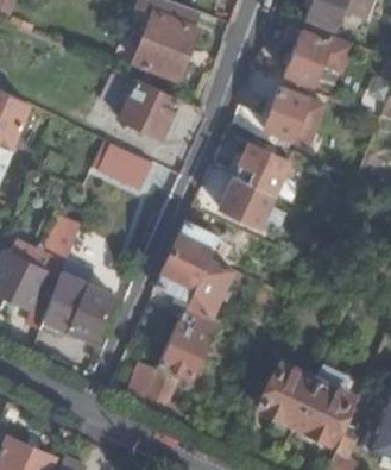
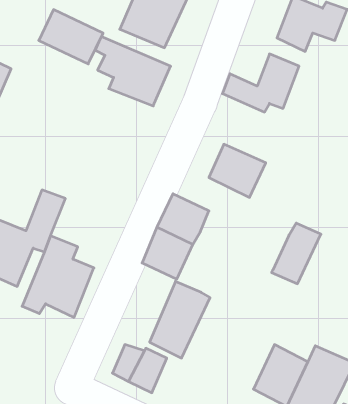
building: [90,140,152,193] -> [39,10,103,64]
building: [227,142,288,192] -> none
building: [187,258,234,317] -> [272,223,321,284]

